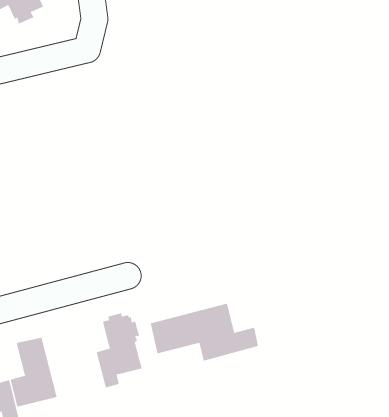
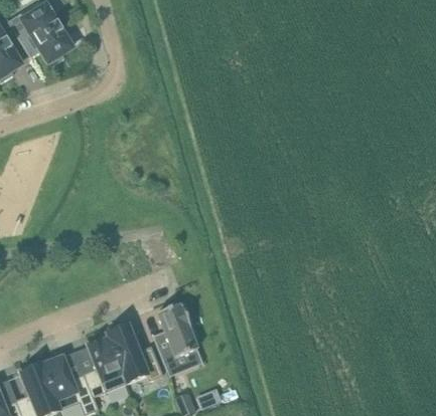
building: [150,303,258,361] -> none
building: none -> [108,324,163,383]

